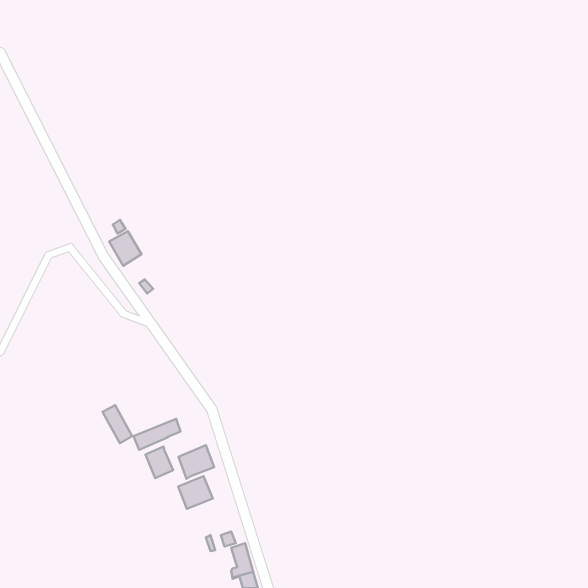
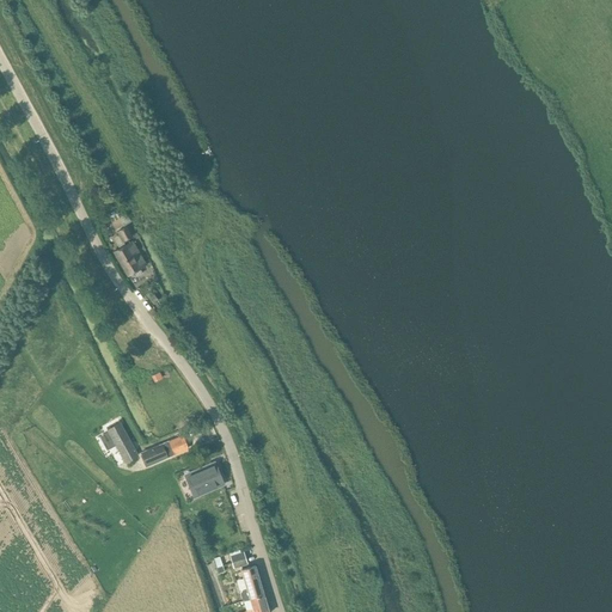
building: [146,446,173,478] -> none
building: [178,476,213,509] -> none

